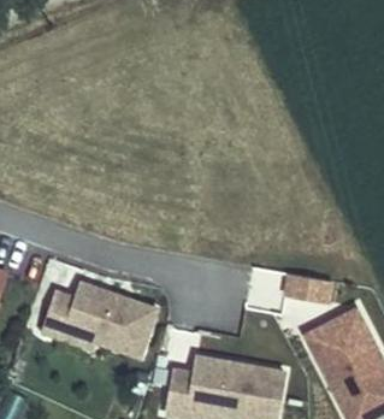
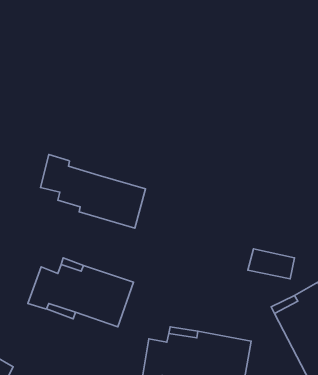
building: none -> [41,154,145,228]

